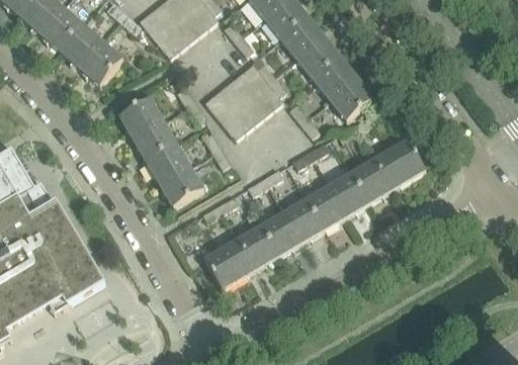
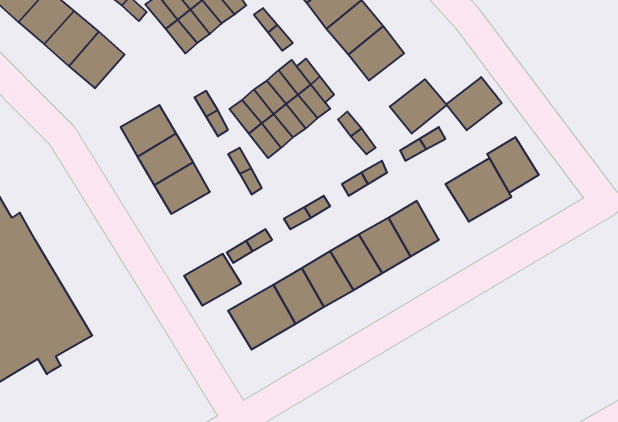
building: [314,57,357,98] -> [446,77,502,130]
building: [351,159,392,202] -> [487,137,539,193]
building: [159,165,203,205] -> [184,254,241,306]

